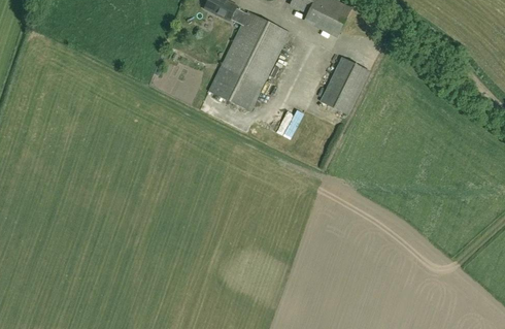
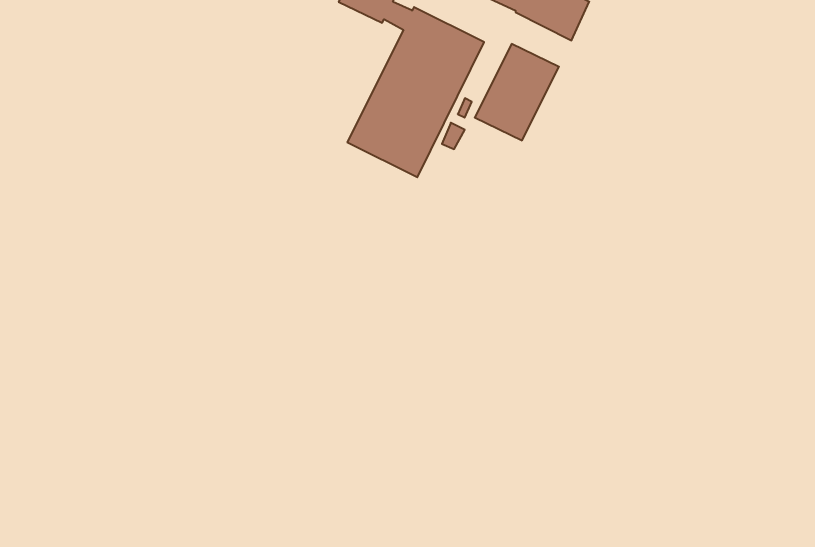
building: [319,57,369,113] -> [475,44,559,140]

